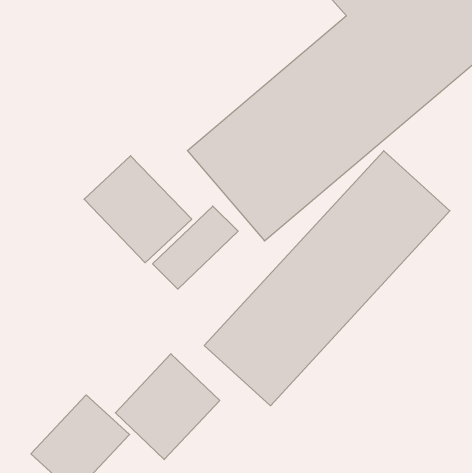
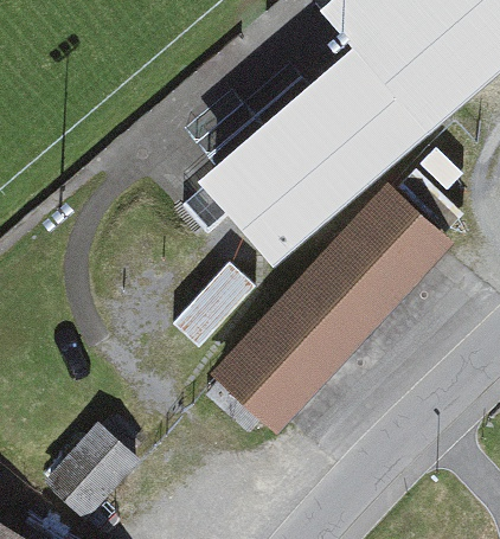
building: [84,156,192,263] -> none
building: [115,354,220,460] -> none

